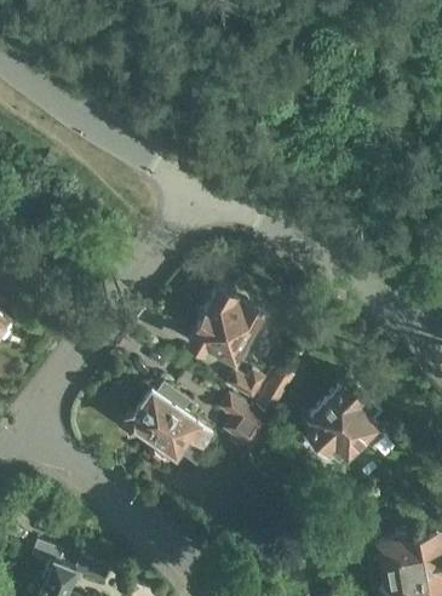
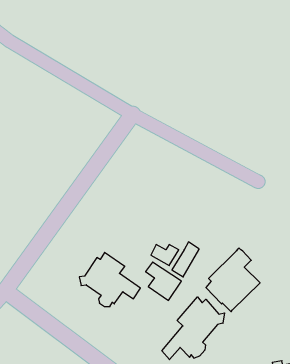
building: [188,288,262,365] -> none
building: none -> [162,297,224,360]

